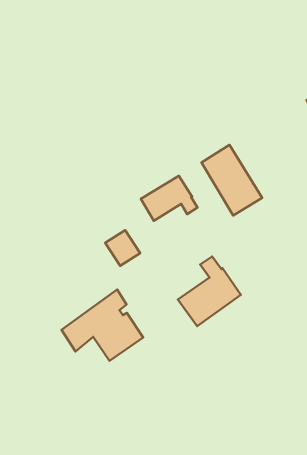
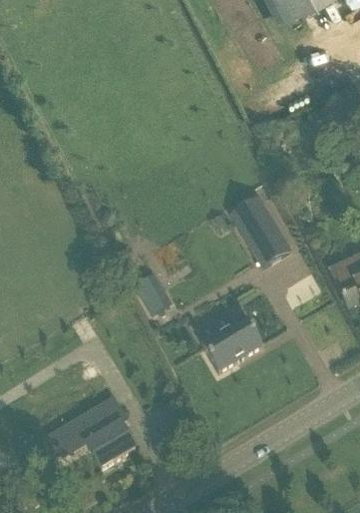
building: [141,176,197,221] -> none
building: [62,289,143,361] -> [56,398,134,466]

